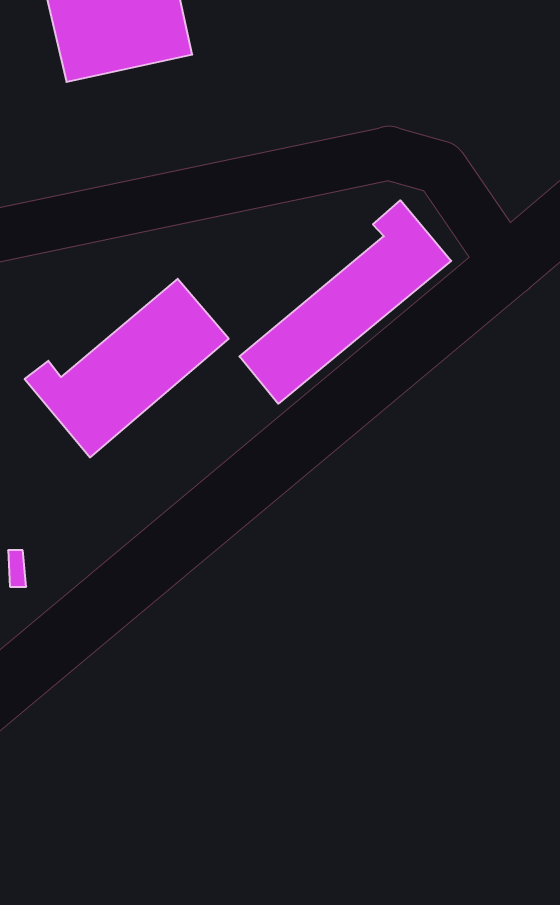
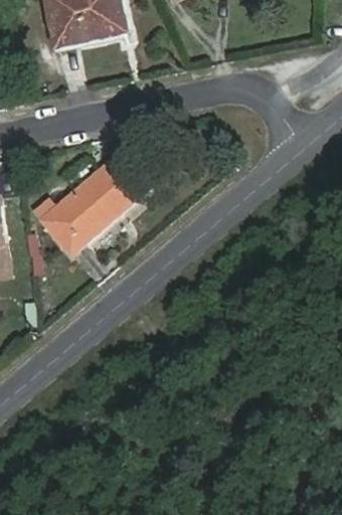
building: [239,200,451,404] -> none

